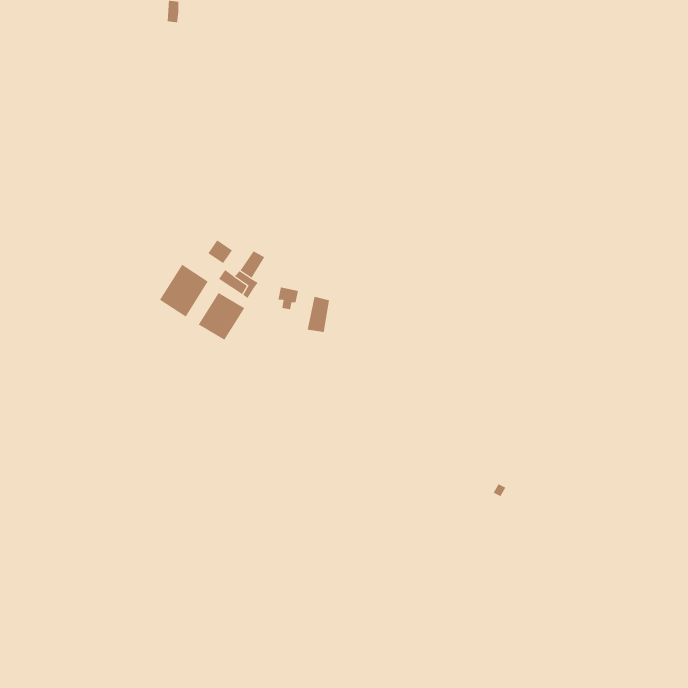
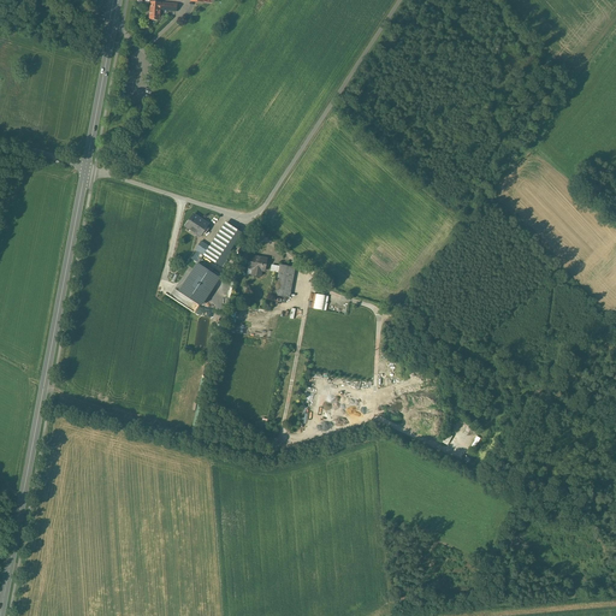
building: [159,264,209,318] -> none

